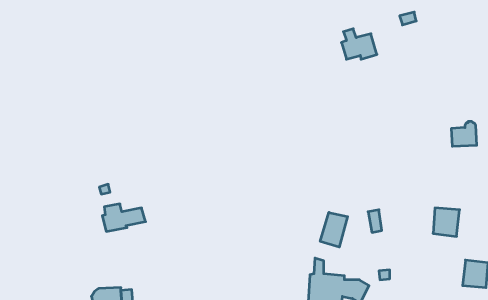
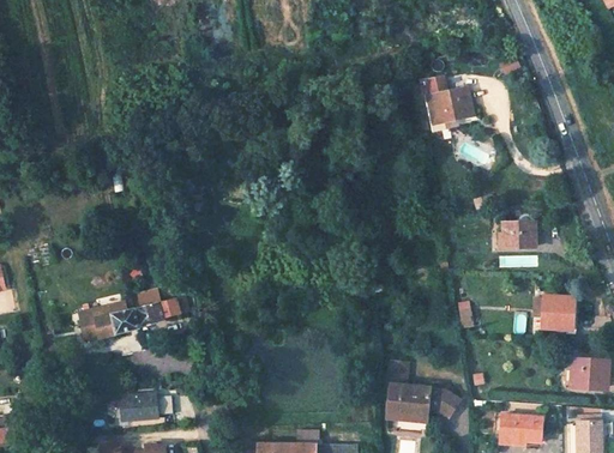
building: [451,122,477,146] -> [502,219,534,249]
building: none -> [79,297,139,334]
building: [320,212,348,247] -> none

